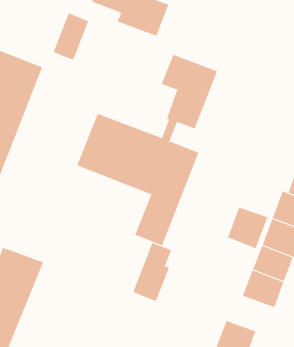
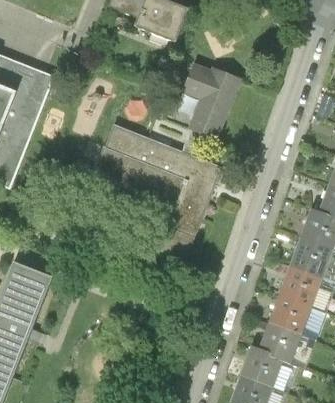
building: [53,13,89,61] -> none
building: [227,207,268,249] -> none
building: [132,242,172,302] -> none
building: none -> [259,319,304,361]

